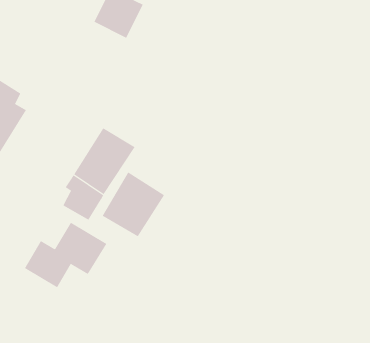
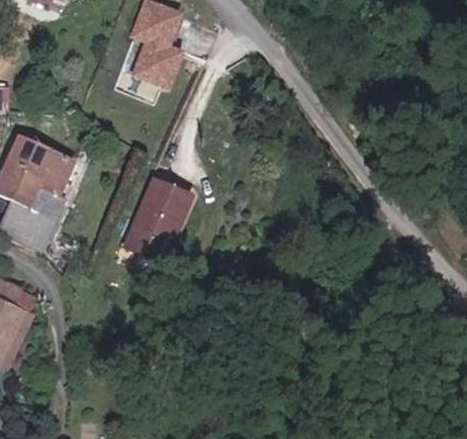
building: [102,172,165,237] -> none
building: [24,222,107,288] -> none

